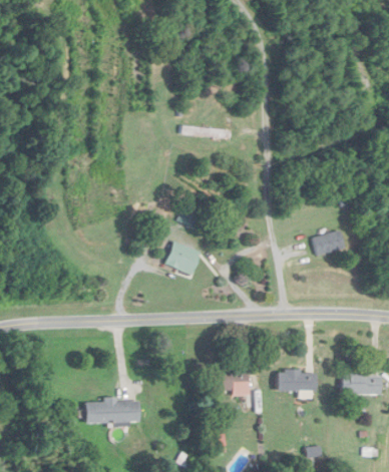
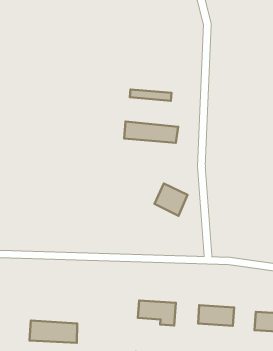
building: none -> [124,121,178,143]
building: [314,234,344,256] -> none
building: [164,243,202,279] -> [155,183,188,216]

